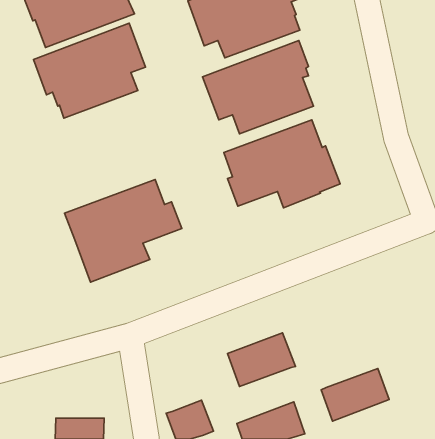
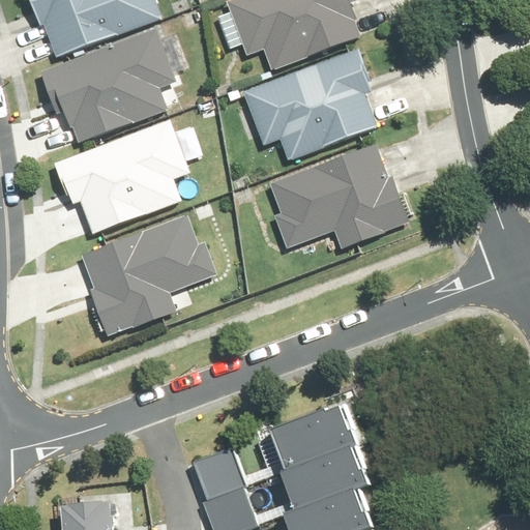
building: none -> [54,119,189,233]
building: [321,368,389,421] -> [282,441,363,504]
building: none -> [194,444,242,494]

